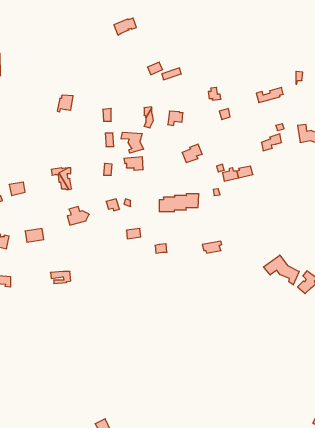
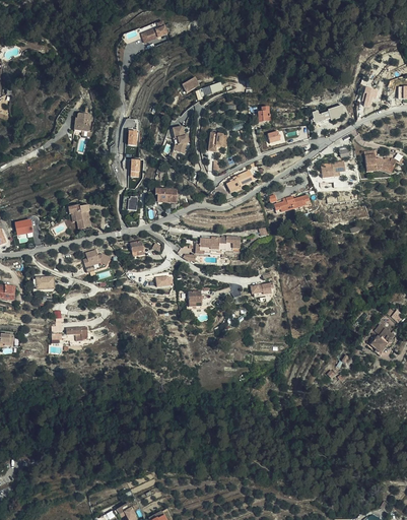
building: [121,132,144,153] -> none
building: [263,255,299,285] -> none

